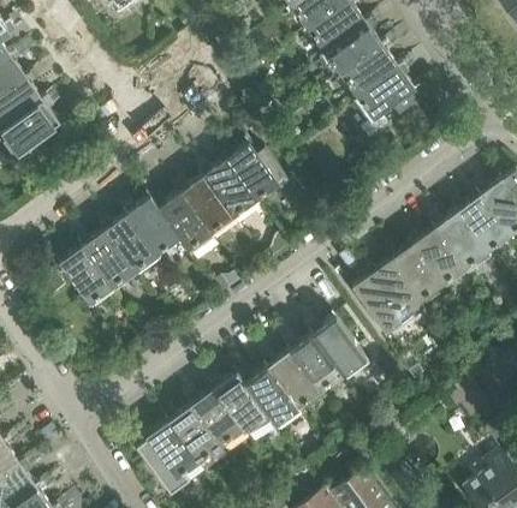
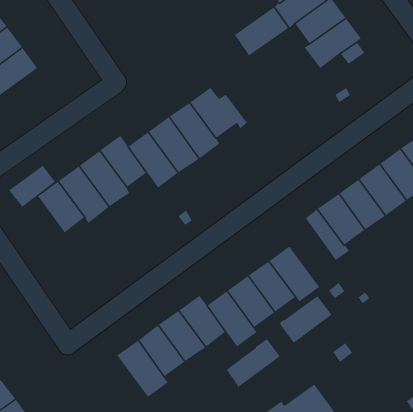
building: none -> [234,7,289,56]
building: none -> [8,165,56,208]
building: none -> [279,295,333,344]
building: none -> [226,338,281,388]

